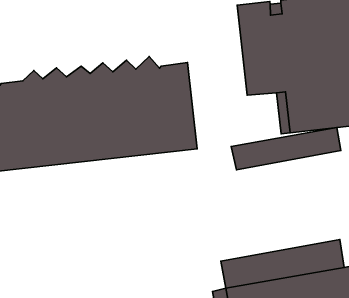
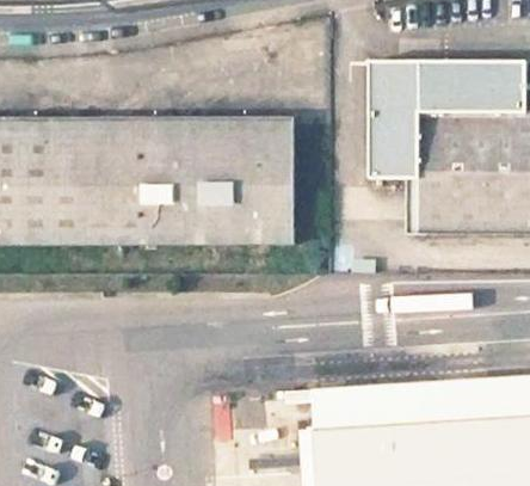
building: [231,127,341,170] -> none

